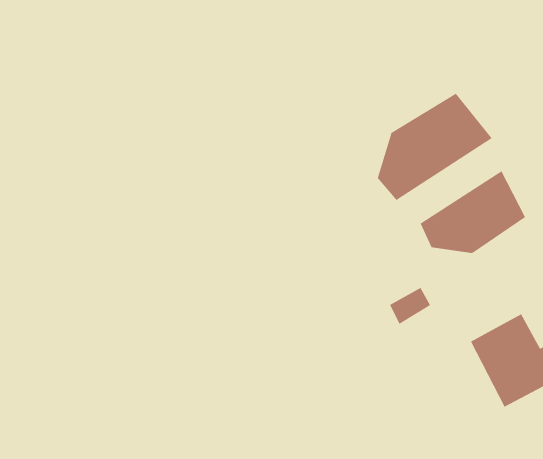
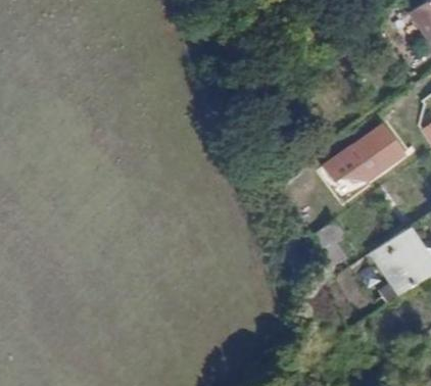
building: [377,93,493,201] -> none

